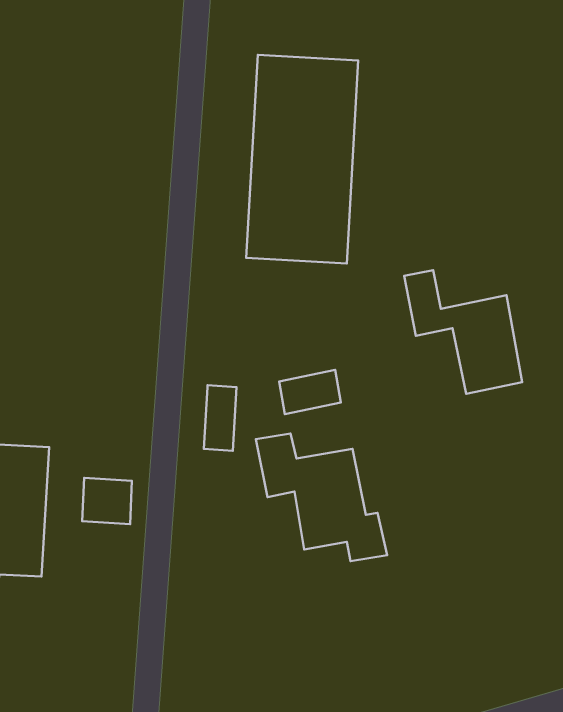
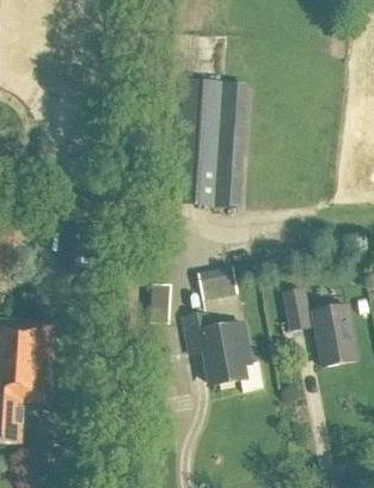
building: [404,270,522,394] -> [284,288,357,365]
building: [82,478,132,524] -> none

